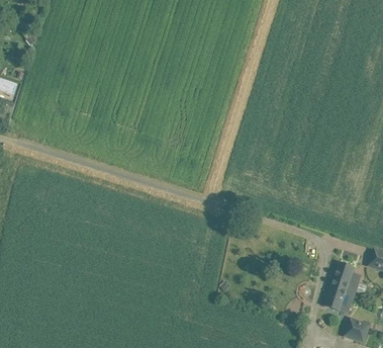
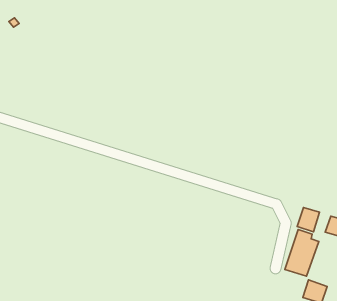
building: none -> [297,207,319,232]

